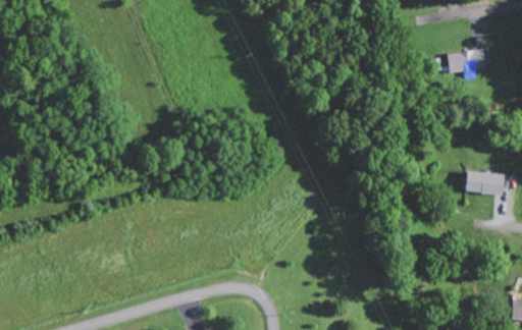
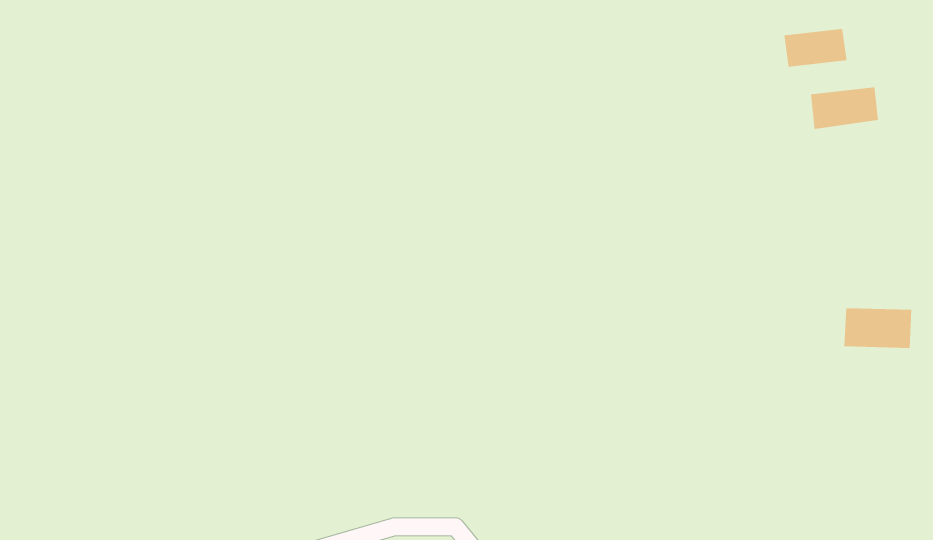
building: none -> [784,28,847,68]

